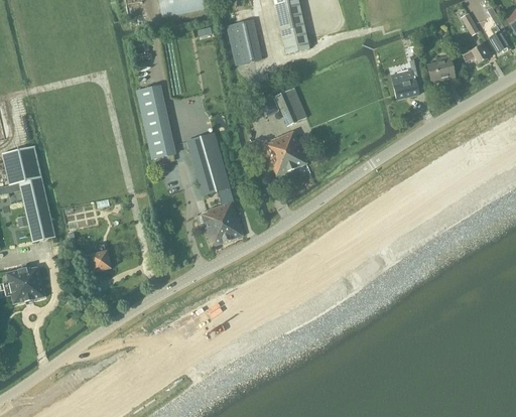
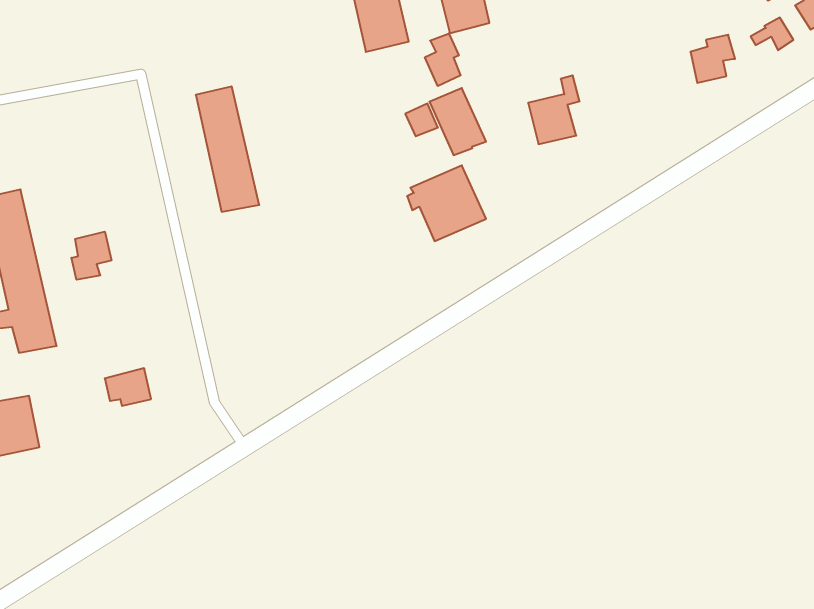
building: none -> [425,33,461,86]
building: [391,58,421,99] -> [528,75,580,144]
building: [186,132,243,246] -> none
building: none -> [71,232,111,280]

